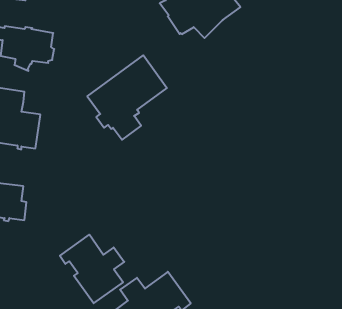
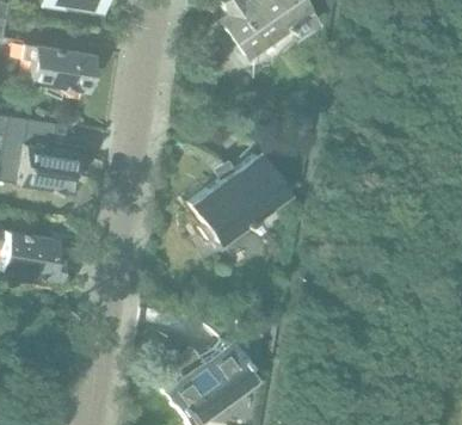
building: [87,55,167,140] -> [193,154,289,255]
building: [60,235,124,303] -> none

